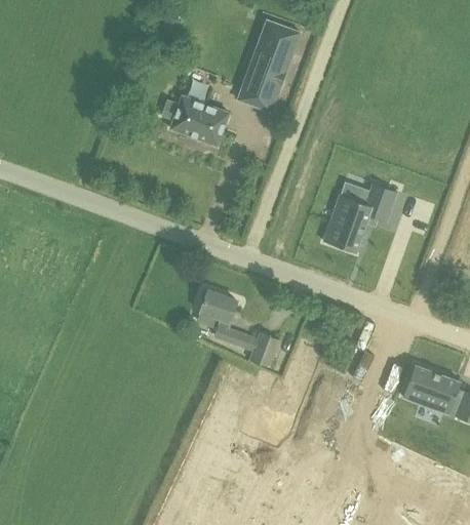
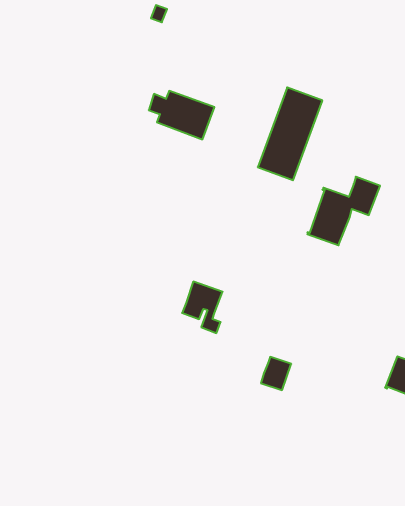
building: [236,18,302,113] -> [258,87,322,180]
building: [248,332,279,366] -> [261,357,291,390]

